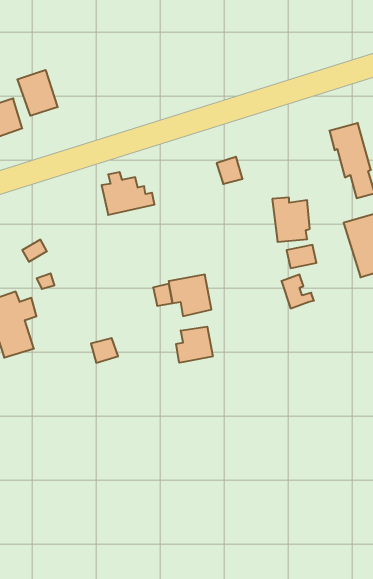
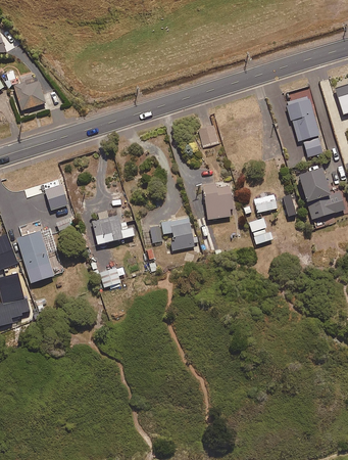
building: [17,70,58,116] -> none
building: [102,172,155,215] -> [92,211,134,244]
building: [272,198,310,242] -> [203,184,233,219]
building: [176,327,213,363] -> none

